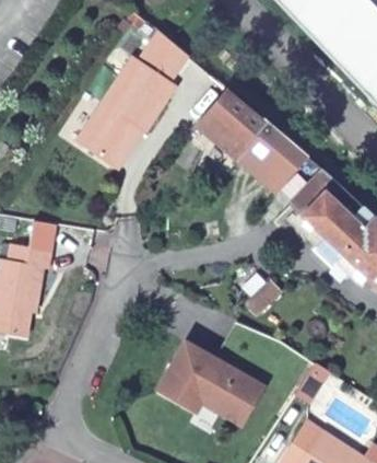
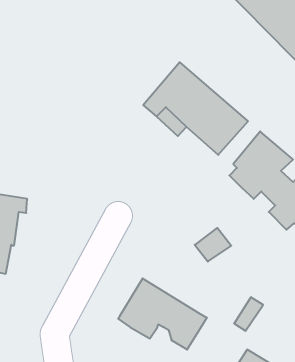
building: [75,25,188,164] -> none

